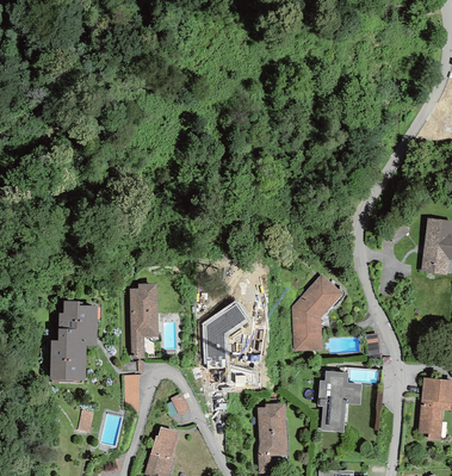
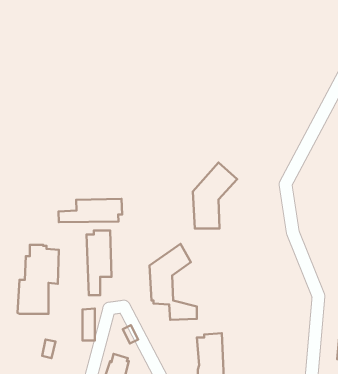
building: none -> [58,199,122,222]
building: [291,273,342,350] -> [193,163,237,228]
building: [317,370,361,432] -> none

